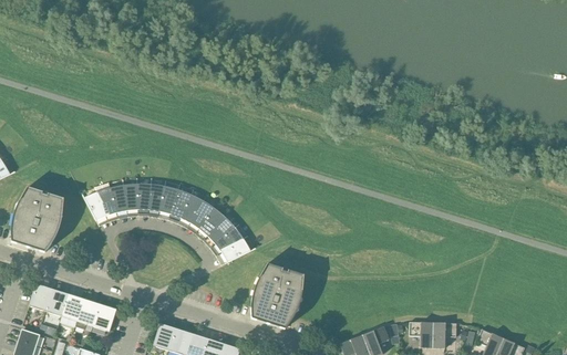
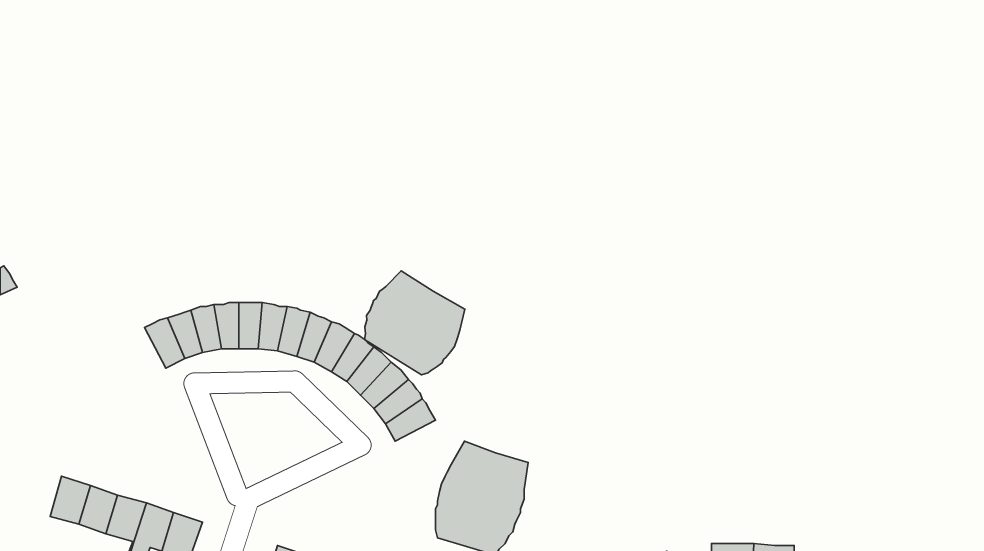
building: none -> [365,271,465,375]
building: [11,186,63,251] -> none

